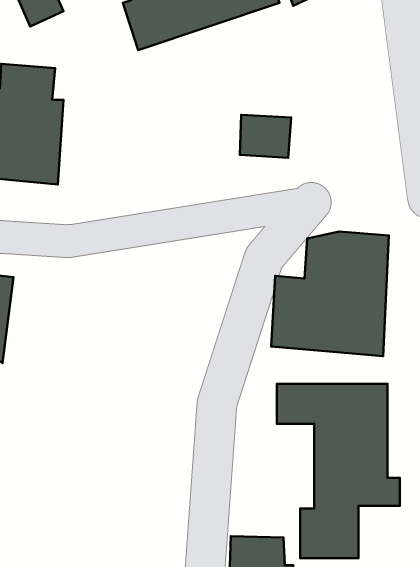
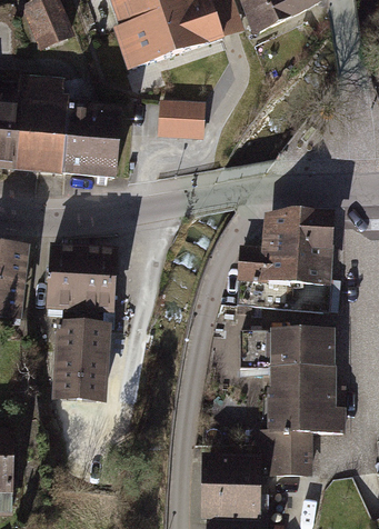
building: none -> [66,104,122,176]
building: [240,115,291,158] -> [161,100,202,134]
building: none -> [50,246,118,398]

